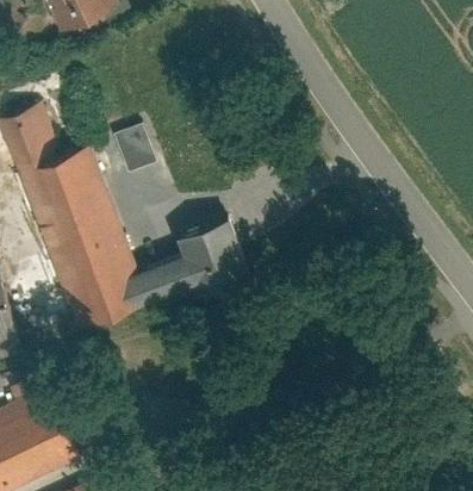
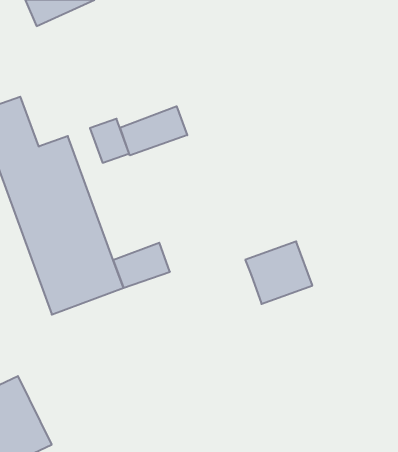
building: none -> [120,106,187,155]
building: [180,217,249,281] -> [245,241,312,304]

